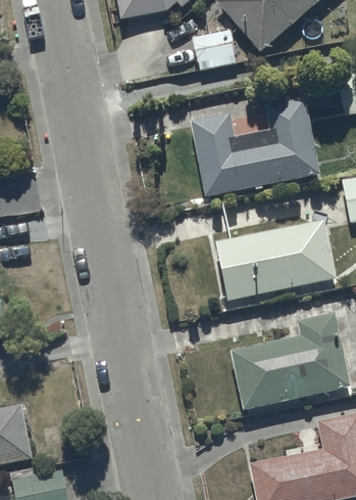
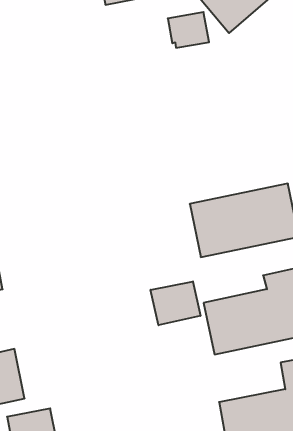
building: [191,98,319,194] -> none
building: none -> [151,281,200,325]

